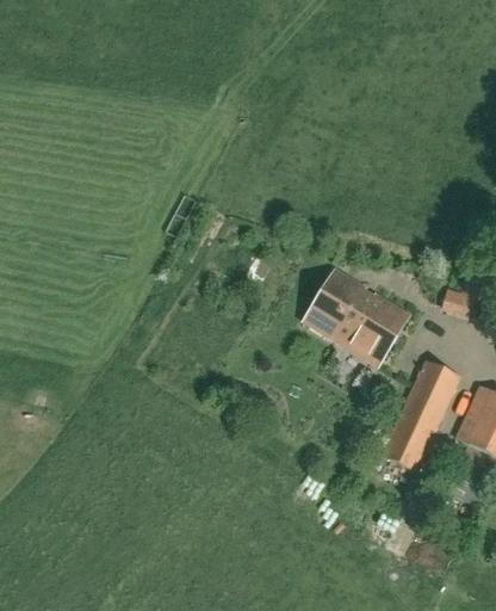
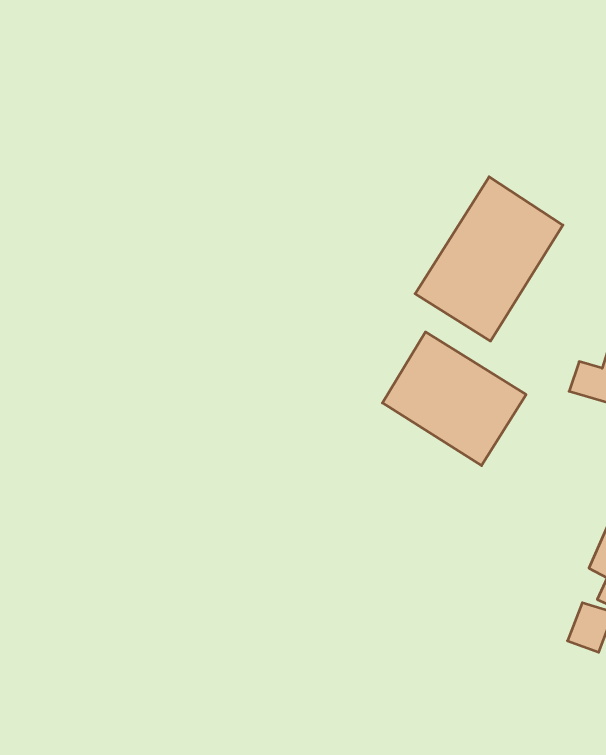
building: none -> [415,177,563,341]
building: [382,362,460,471] -> none

